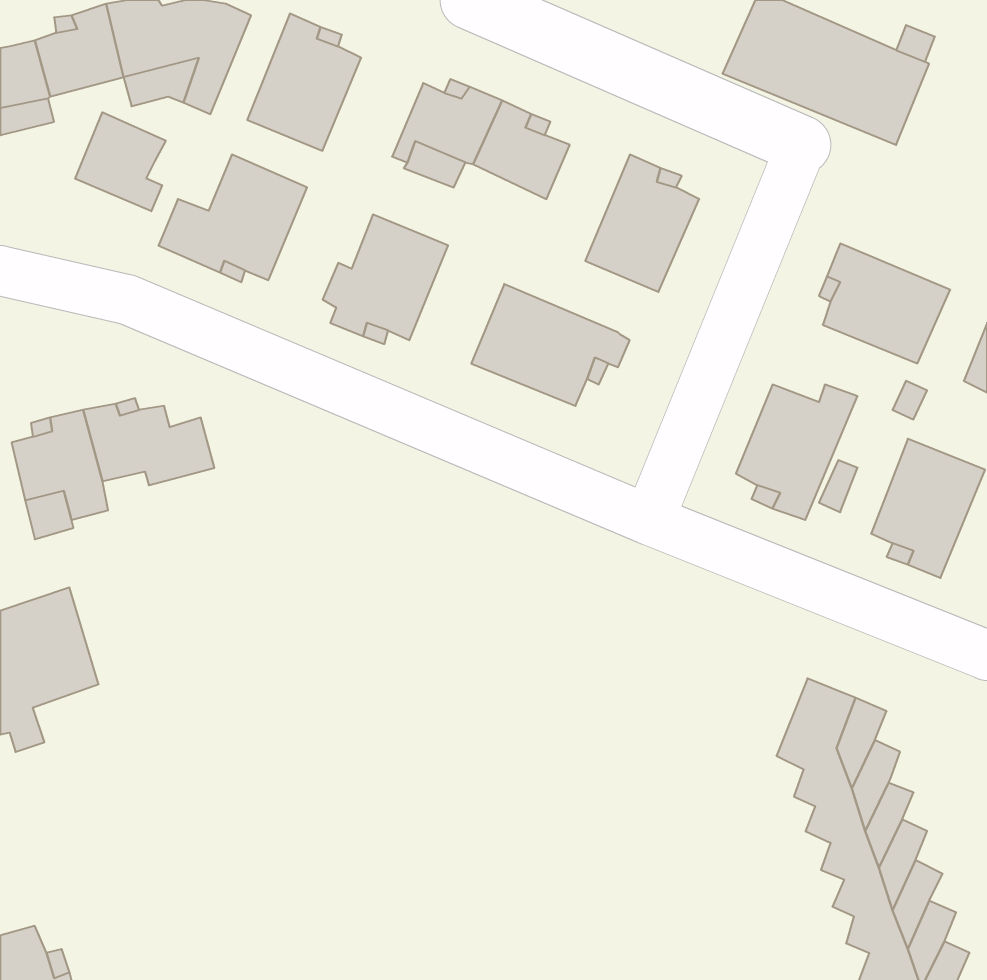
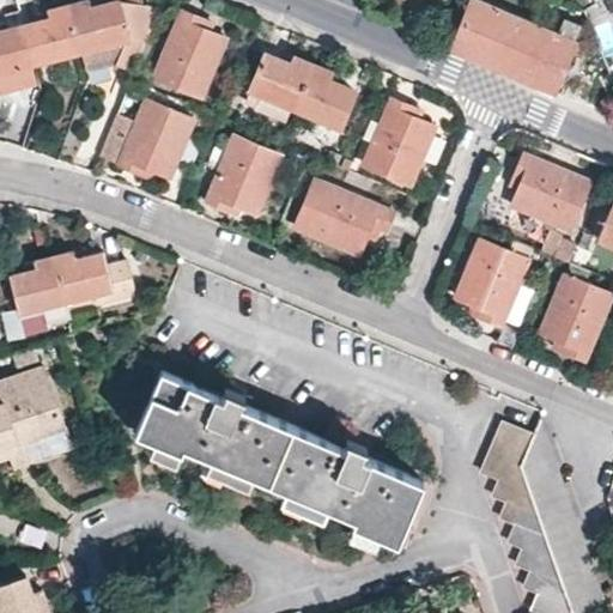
building: [75,112,166,211] -> none
building: none -> [133,372,421,544]

